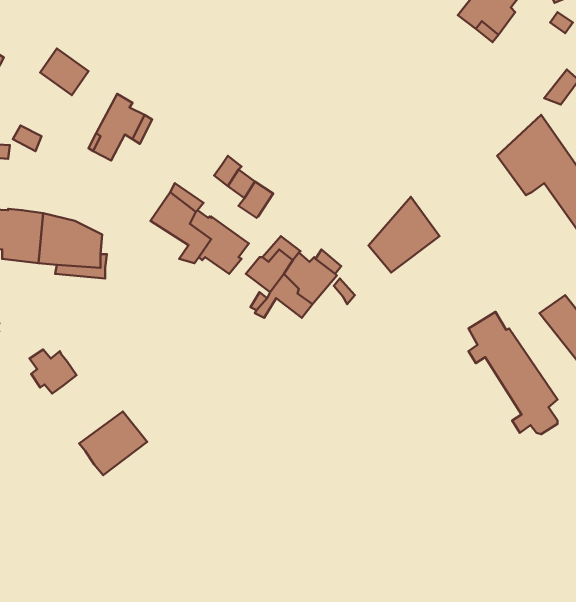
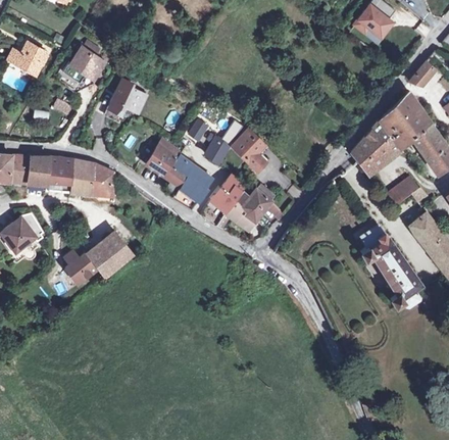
building: none -> [233,128,265,168]
building: [368,197,440,273] -> [351,119,399,170]
building: none -> [386,178,428,206]
building: [79,412,147,475] -> [86,232,132,275]

